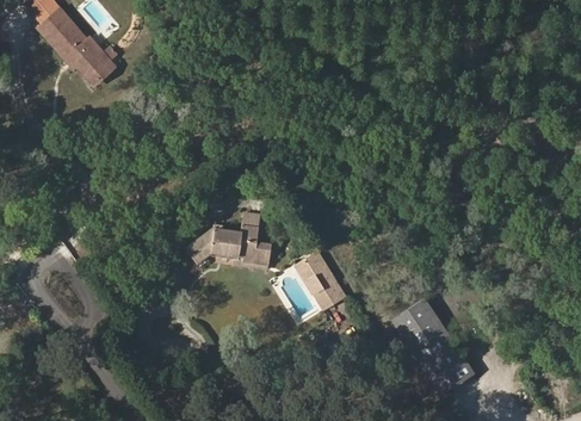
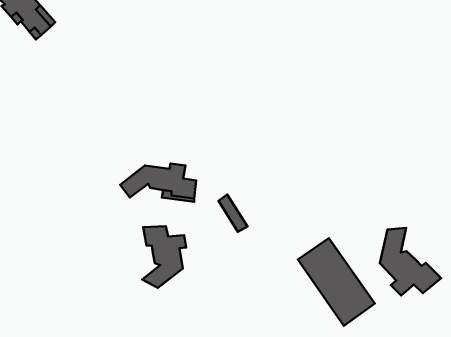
building: none -> [142,226,186,288]
building: none -> [380,228,441,295]

